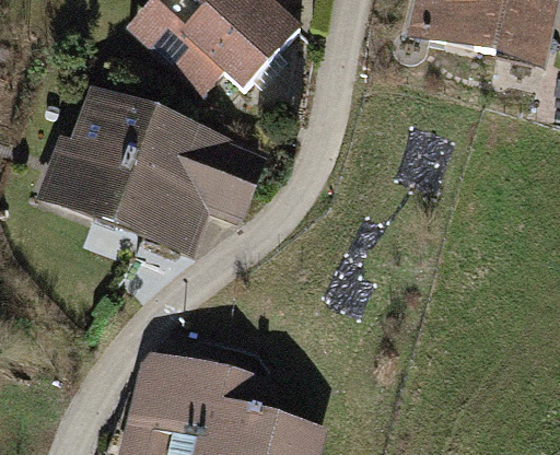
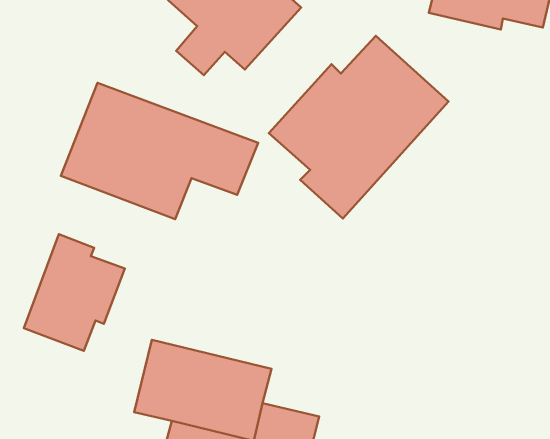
building: none -> [269,36,448,219]
building: none -> [24,234,125,351]

